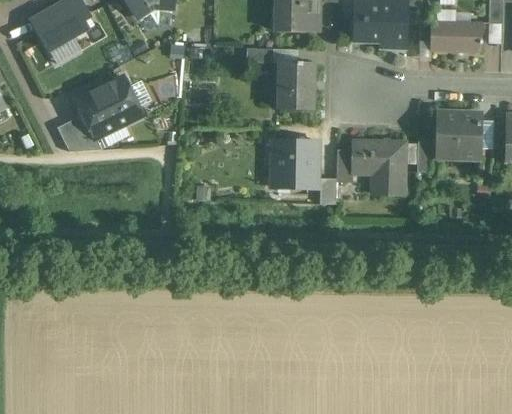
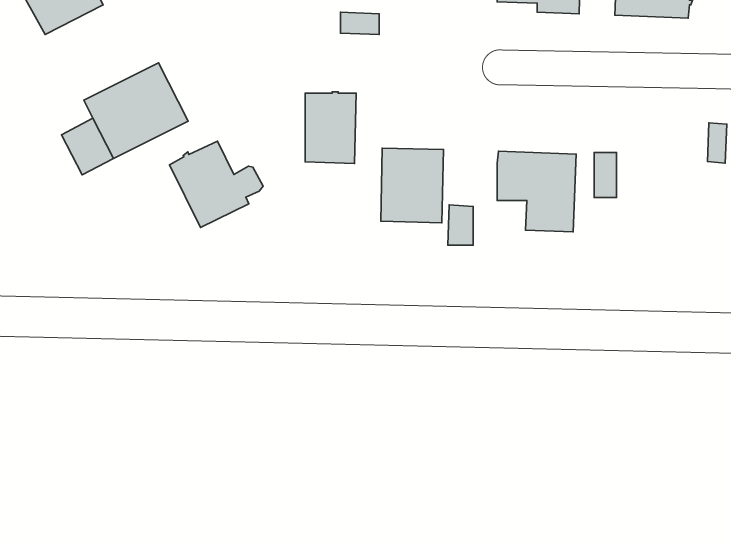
building: [280,60,314,108] -> [305,92,356,163]
building: [436,111,481,157] -> none
building: none -> [169,141,263,228]
building: [336,148,352,181] -> none

